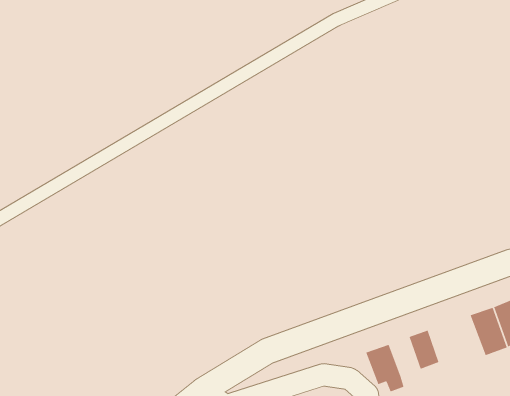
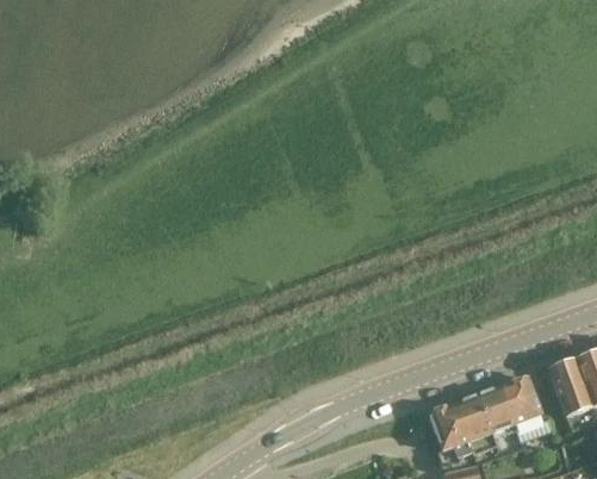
building: none -> [500,377,541,424]
building: none -> [455,394,491,441]

